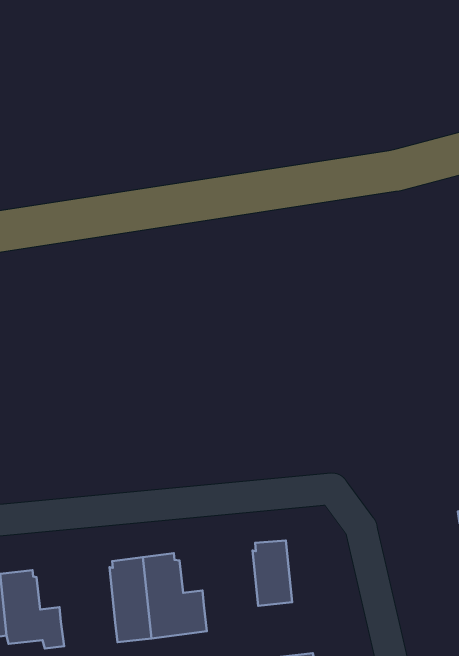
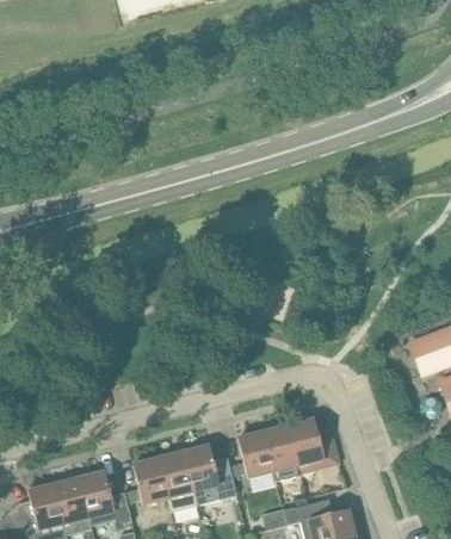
building: none -> [288,415,340,476]
building: none -> [230,432,273,478]
building: none -> [125,458,168,506]

